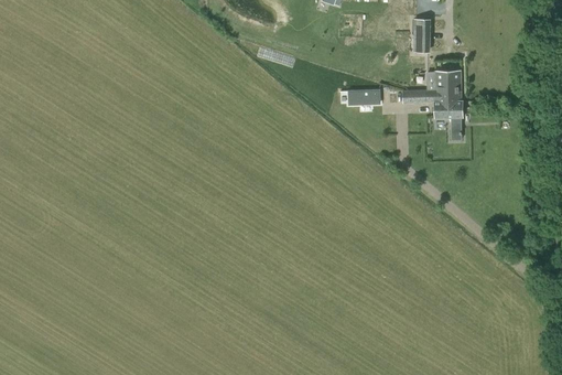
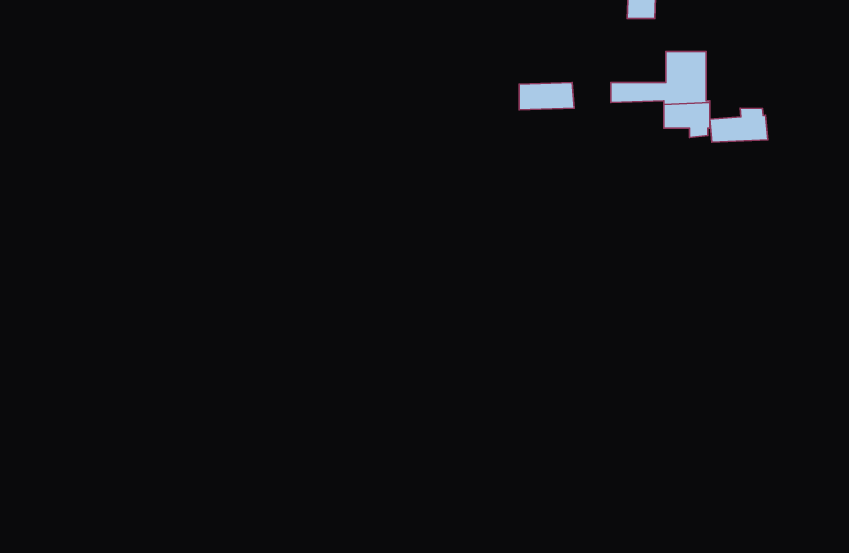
building: none -> [710,108,768,142]

